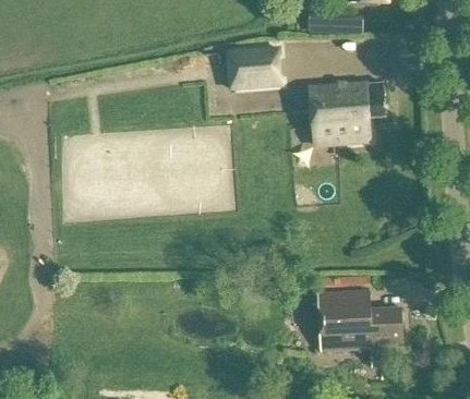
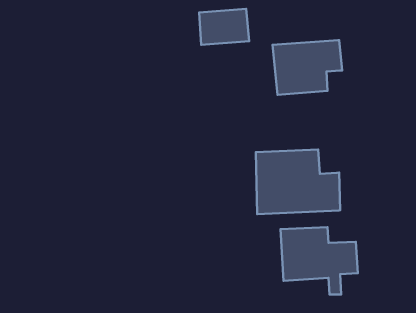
building: none -> [256,149,340,214]

